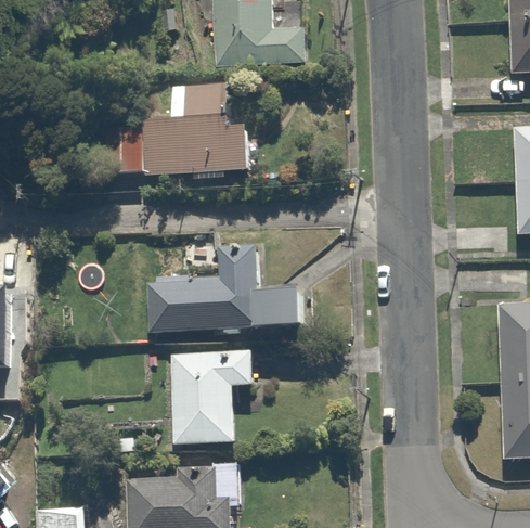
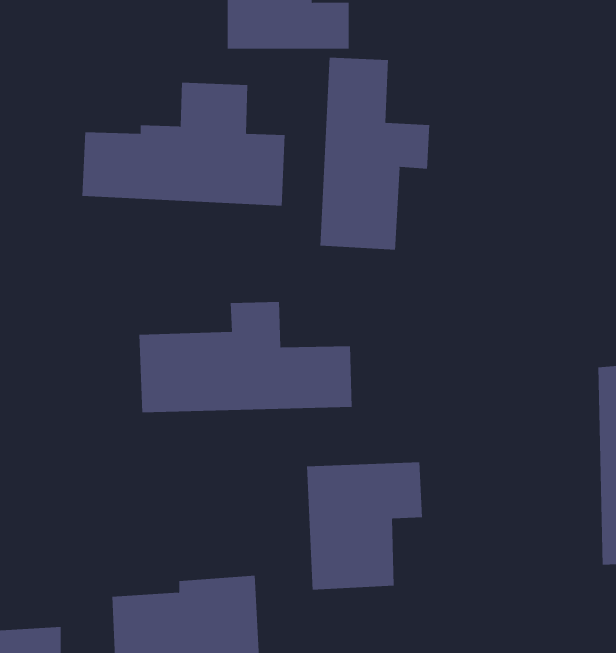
building: none -> [320,57,430,251]
building: [170,349,259,447] -> [306,462,423,590]

